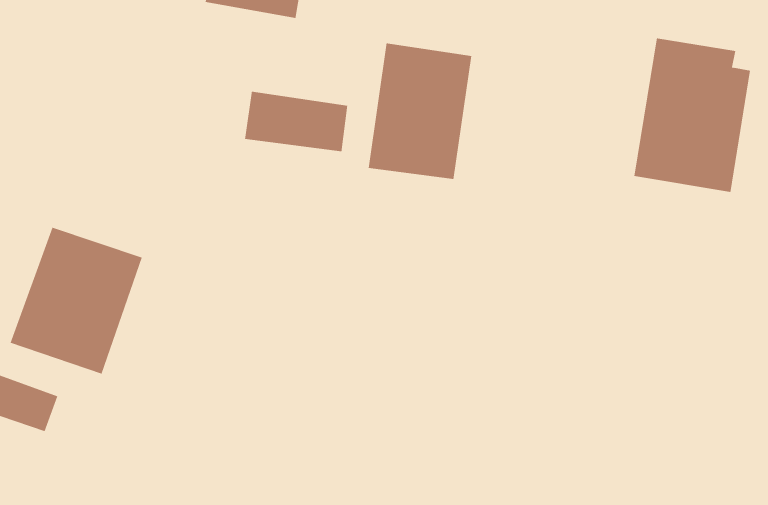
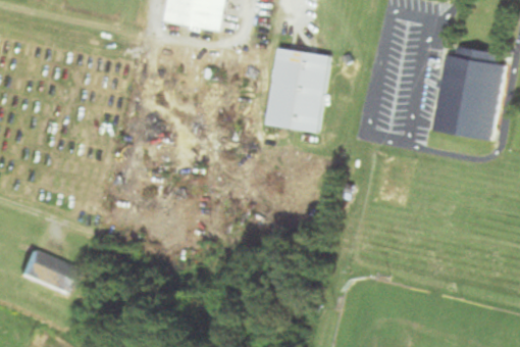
building: [244,91,348,152] -> none
building: [10,227,143,375] -> none

